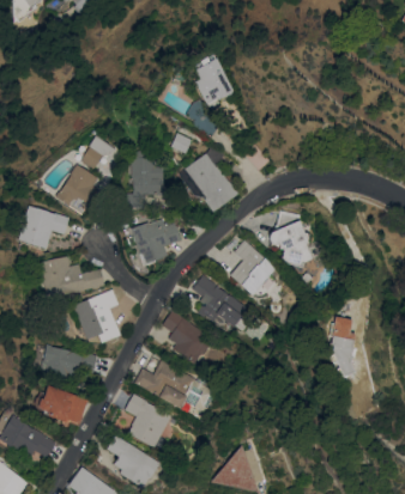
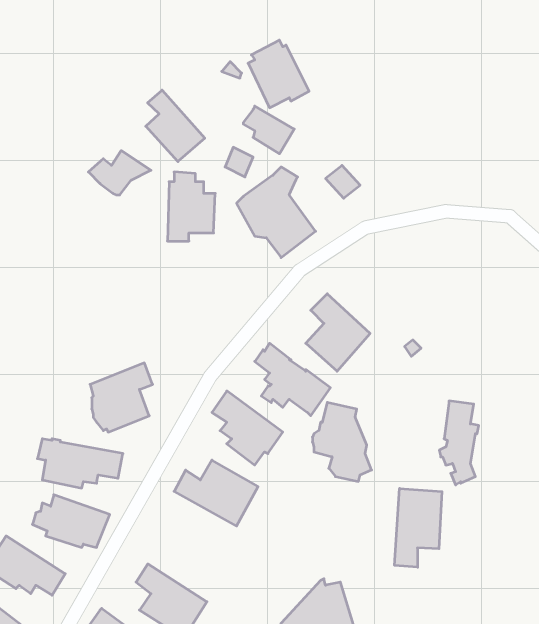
building: none -> [146,90,205,162]
building: [55,164,98,214] -> none
building: [16,206,69,249] -> none
building: [270,211,313,268] -> [312,402,372,481]
building: [131,220,181,264] -> none
building: [38,256,103,299] -> none
building: none -> [395,488,442,567]
building: [125,394,171,449] -> none

